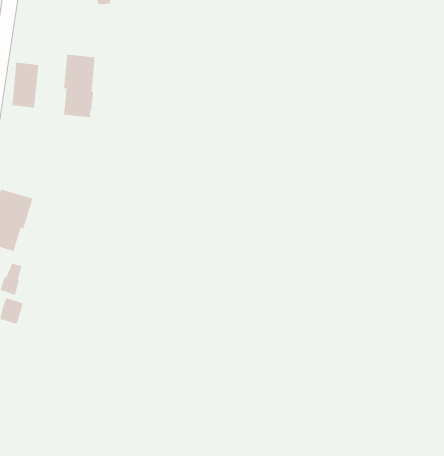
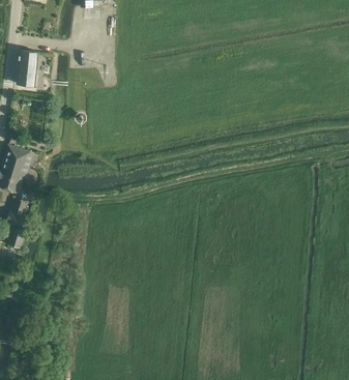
building: [63,54,96,118] -> none

